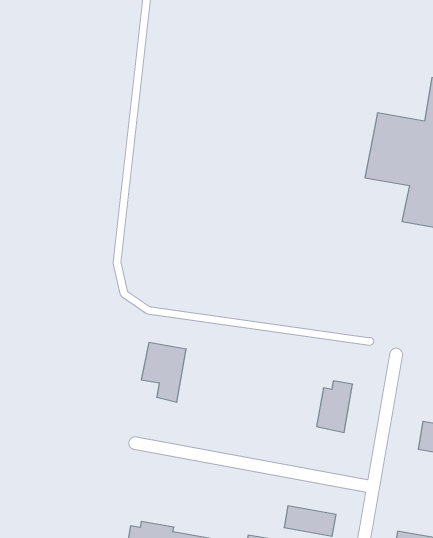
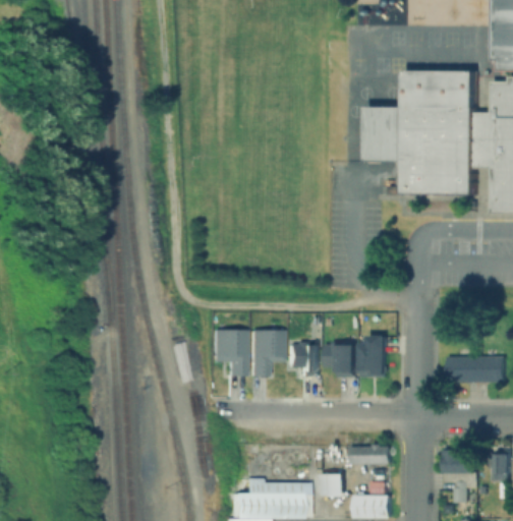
building: none -> [247,330,280,375]
building: none -> [285,345,317,375]
building: none -> [323,345,354,377]

